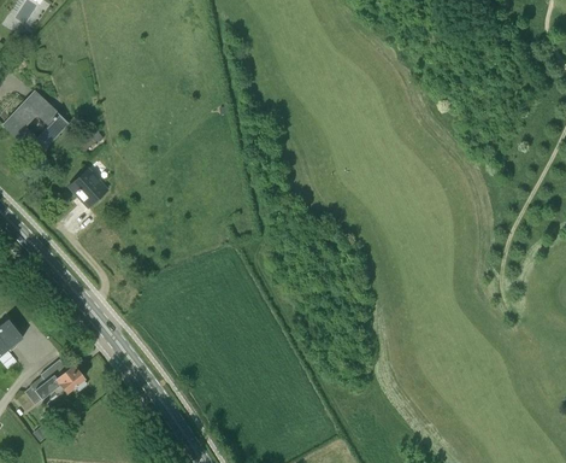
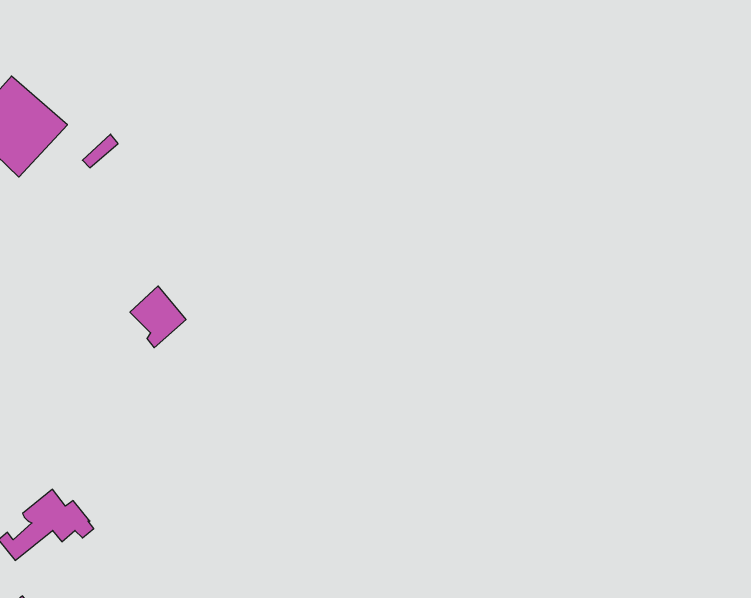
building: [71,166,107,206] -> [130,286,186,348]

